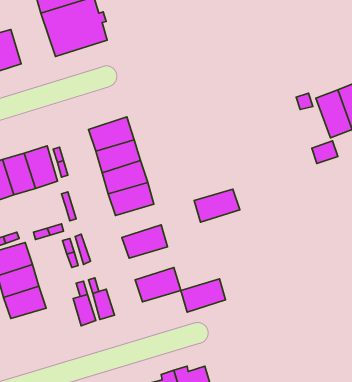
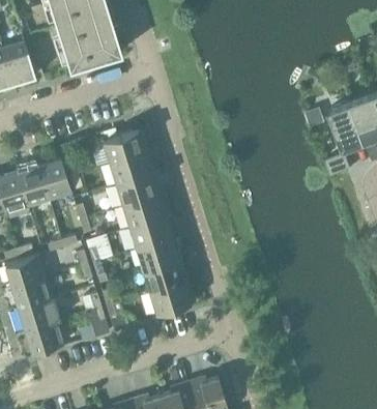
building: [194,189,240,222] -> [128,217,174,251]
building: [181,279,226,312] -> [142,260,186,293]
building: none -> [24,321,66,354]

